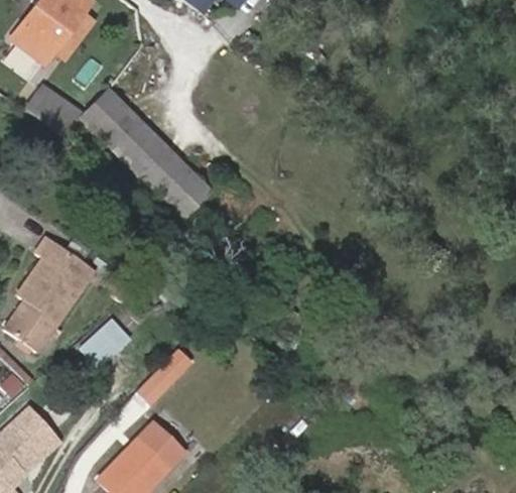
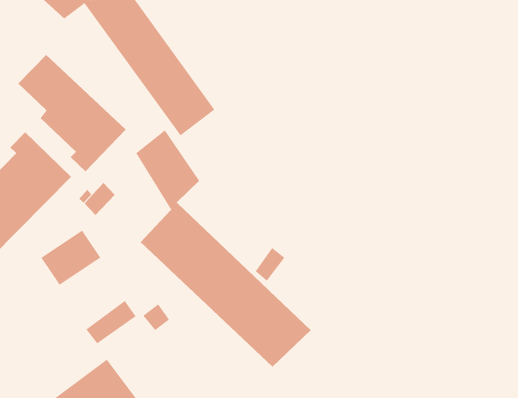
building: none -> [17,54,127,172]
building: none -> [136,130,312,368]

